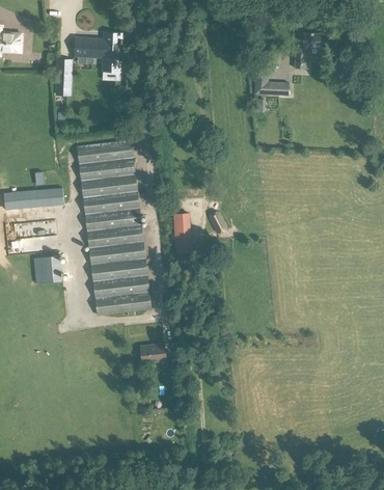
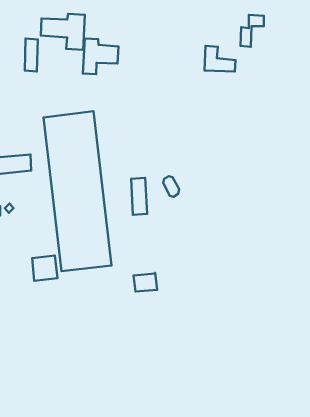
building: none -> [83,38,119,74]
building: [33,255,61,283] -> [32,255,58,281]
building: [140,343,166,363] -> [134,273,157,292]

